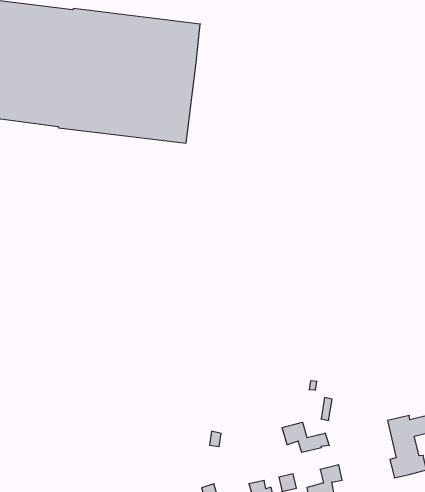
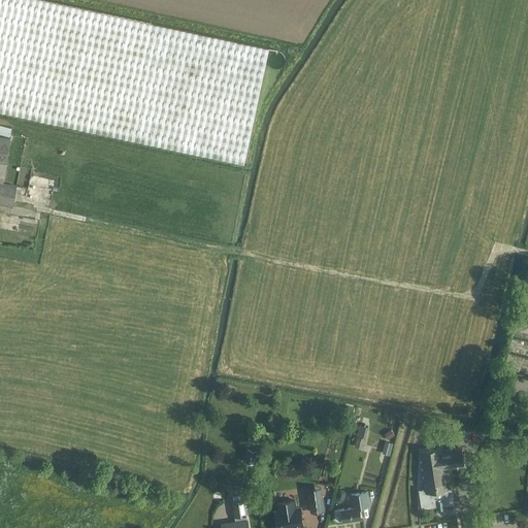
building: [282,422,329,452] -> none

